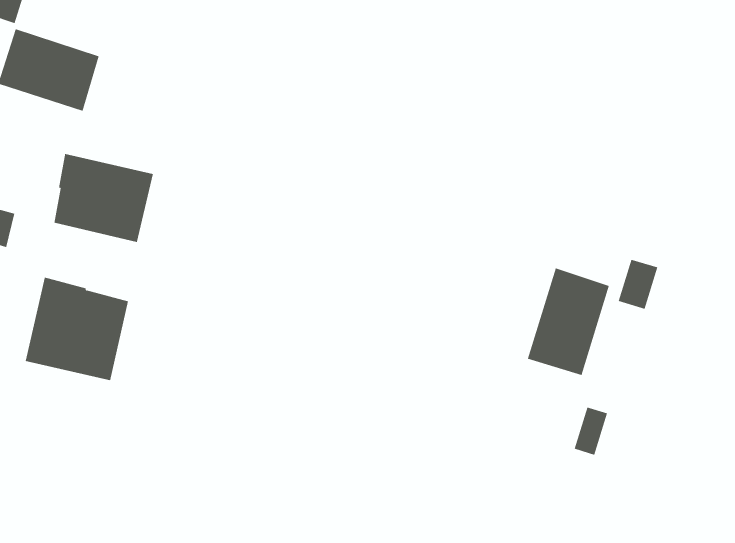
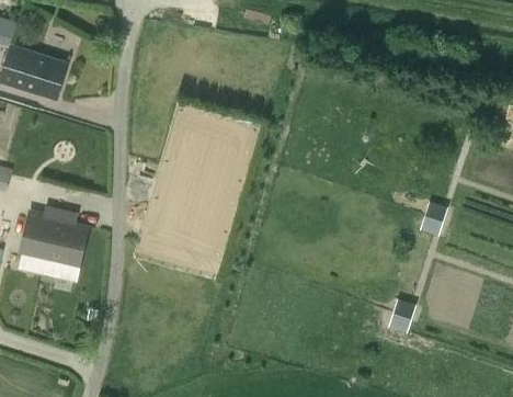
building: [54,153,154,243] -> none
building: [527,267,609,376] -> none

